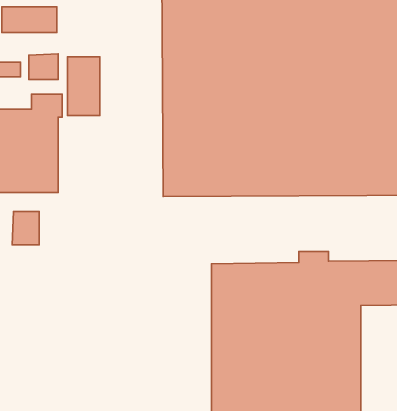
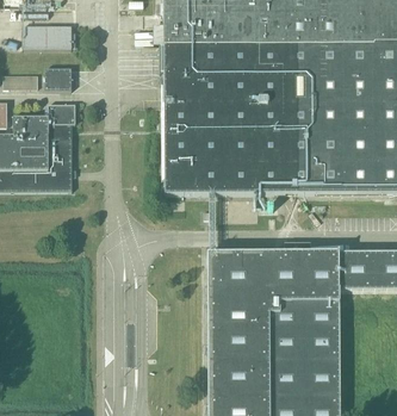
building: [68,57,100,115] -> none
building: [12,211,39,245] -> none

